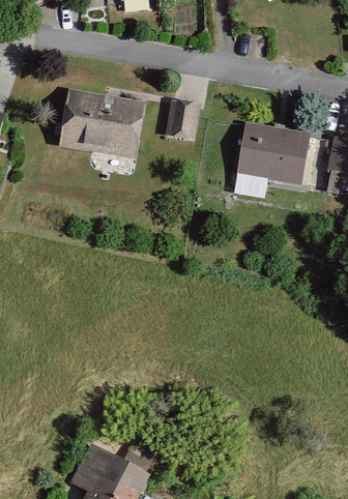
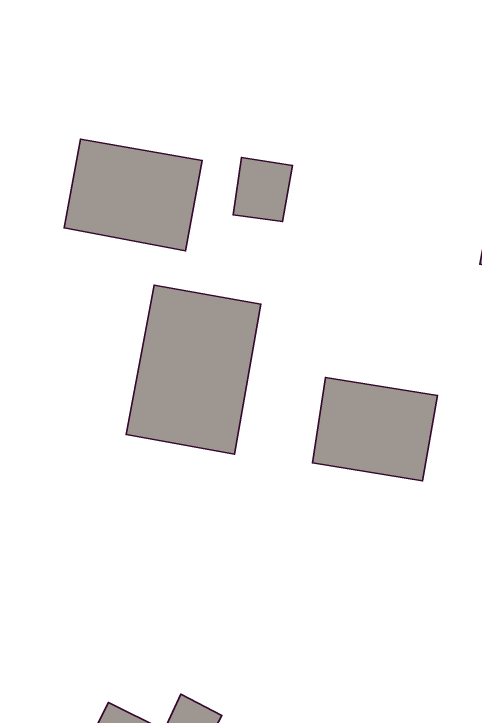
building: [237,122,316,187] -> [312,377,437,481]
building: none -> [126,285,261,454]

